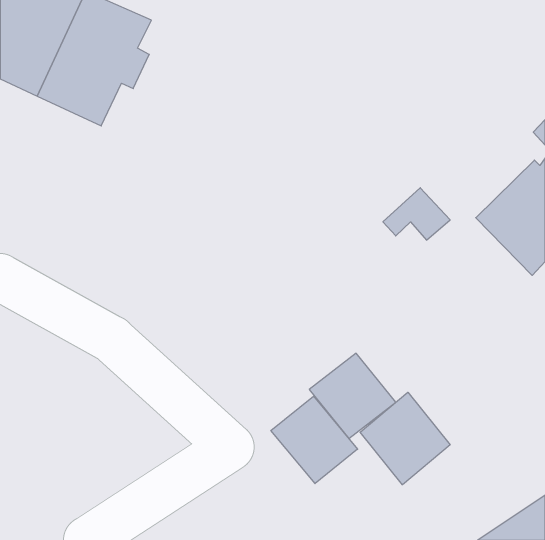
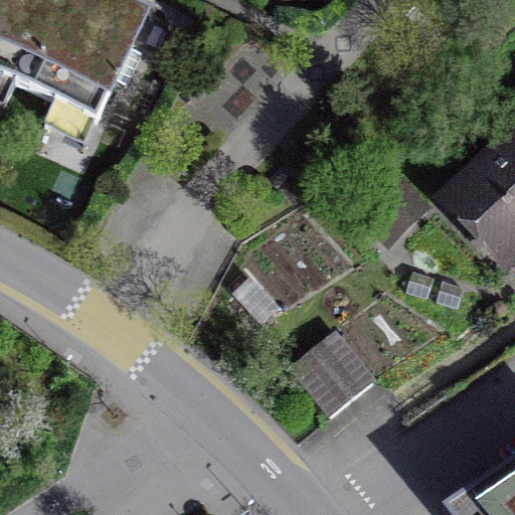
building: [360,392,450,485] -> none
building: [271,396,358,484] -> none

